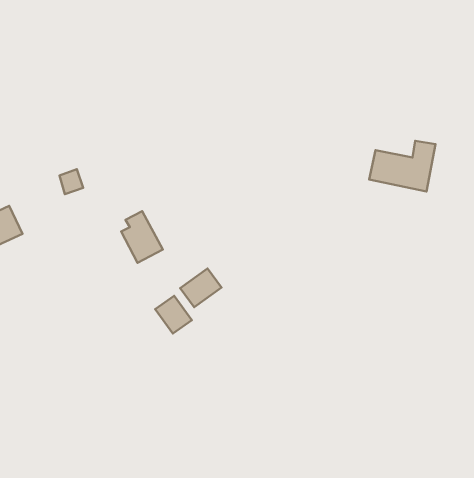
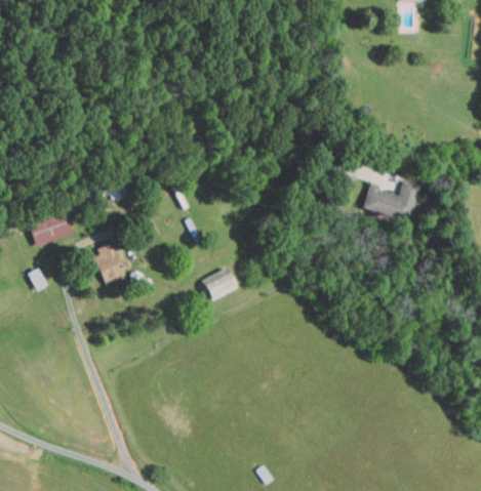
building: [121,211,163,263] -> [93,242,126,284]
building: [155,296,192,334] -> none

